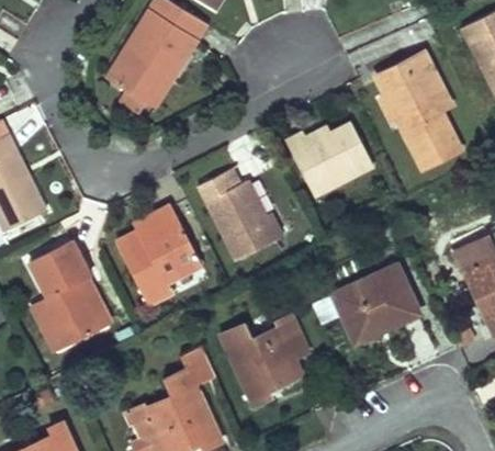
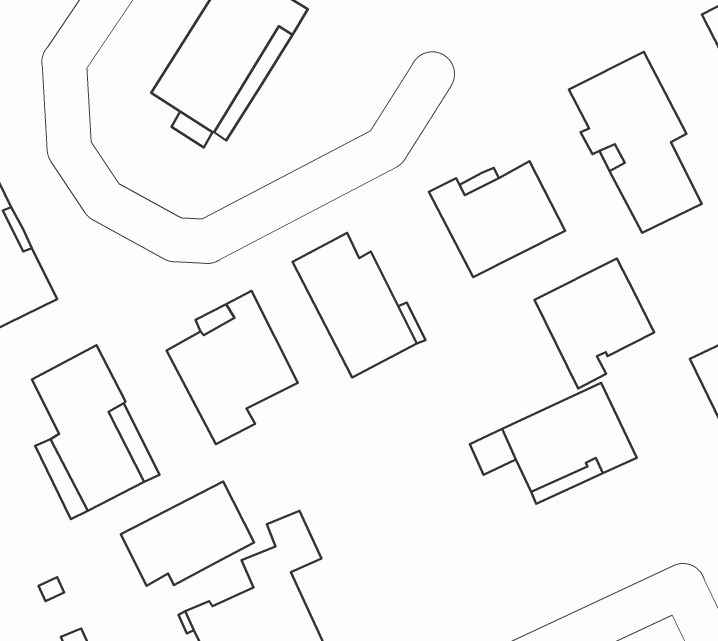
building: none -> [534,259,654,389]
building: [221,315,308,405] -> none
building: none -> [121,481,254,586]

